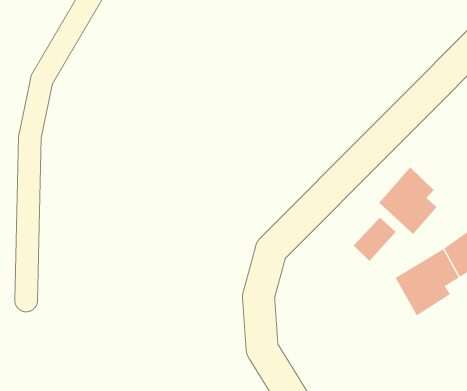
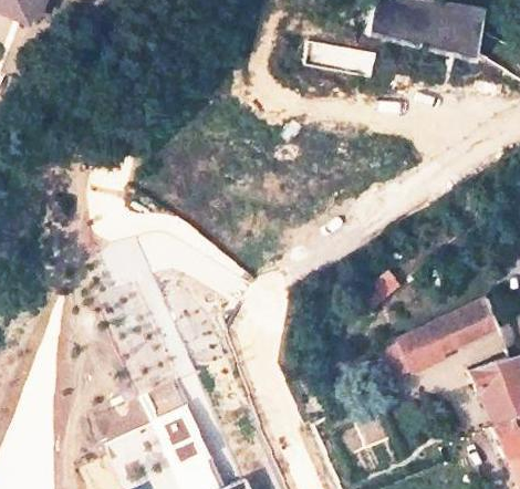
building: [379,166,437,235] -> none

